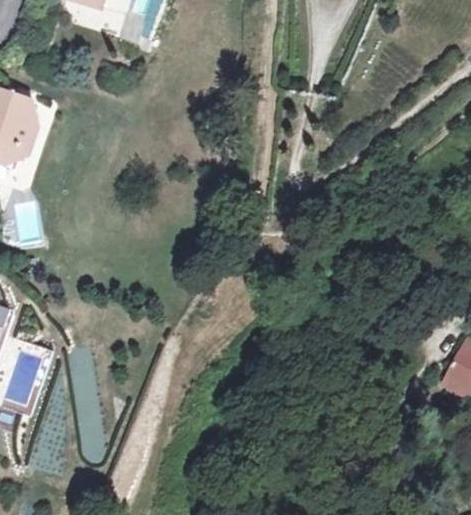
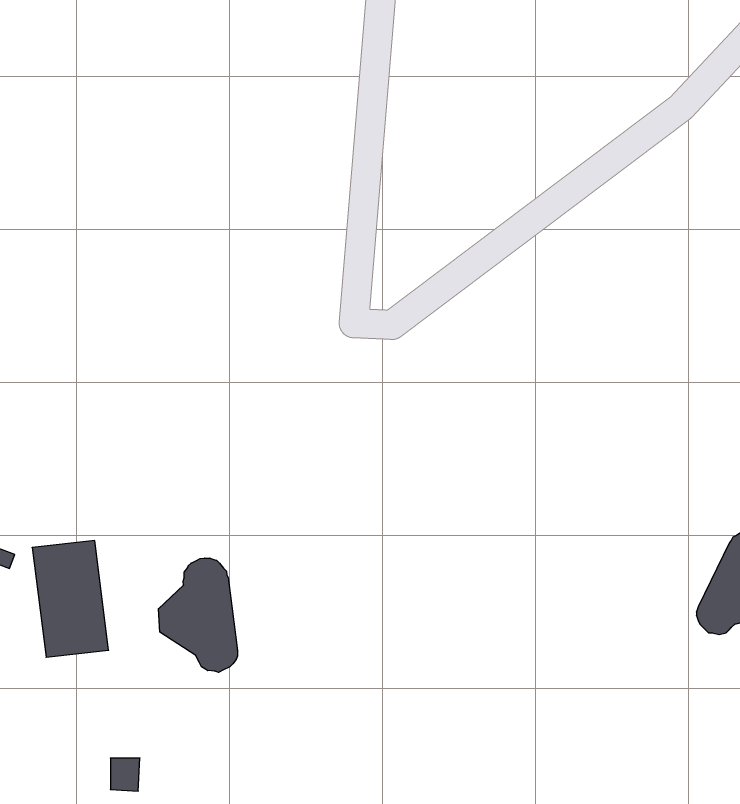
building: none -> [158,558,237,672]

